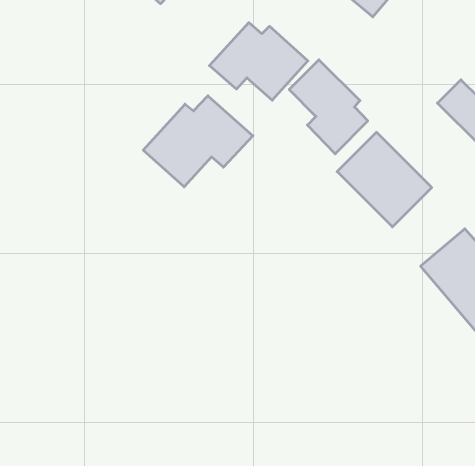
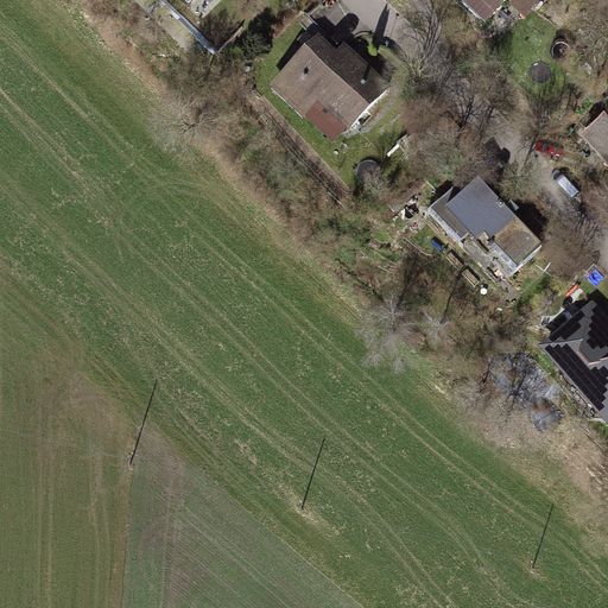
building: [289,60,368,154] -> none
building: [143,96,253,187] -> none

